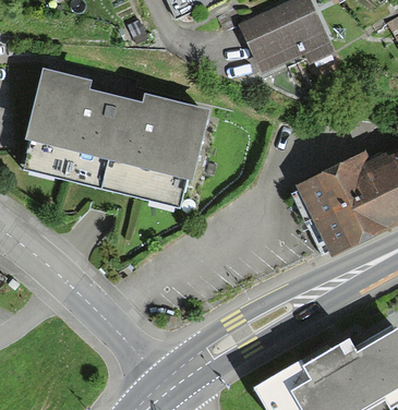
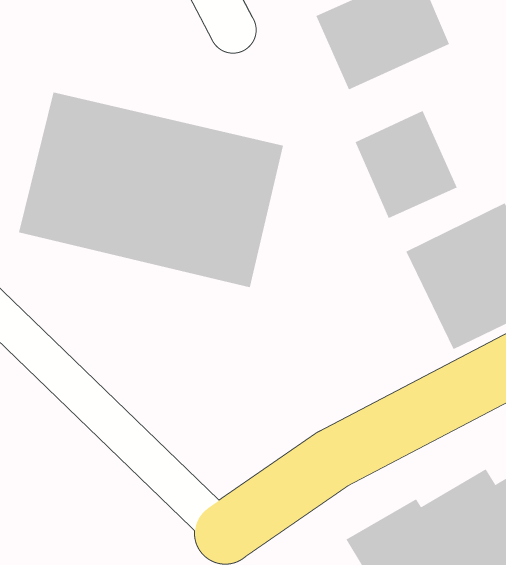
building: none -> [355,110,458,219]

